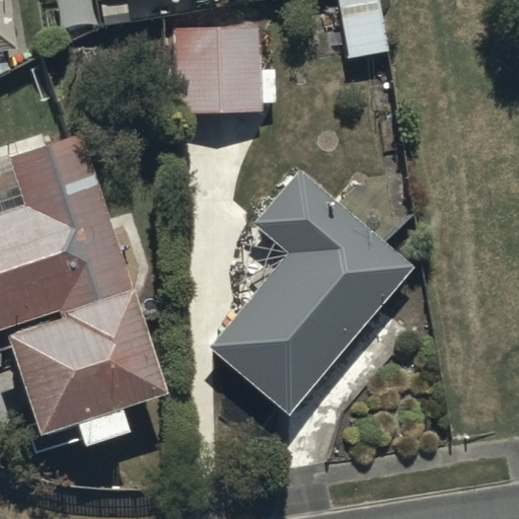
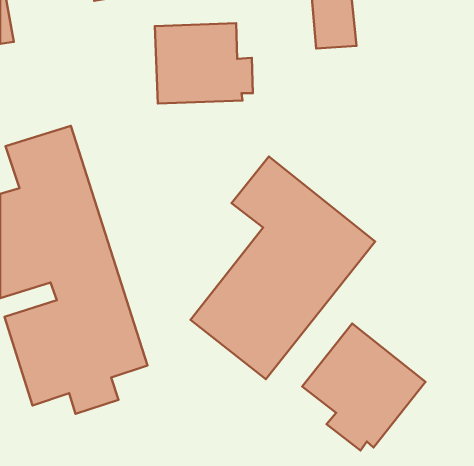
building: none -> [302,323,426,450]

